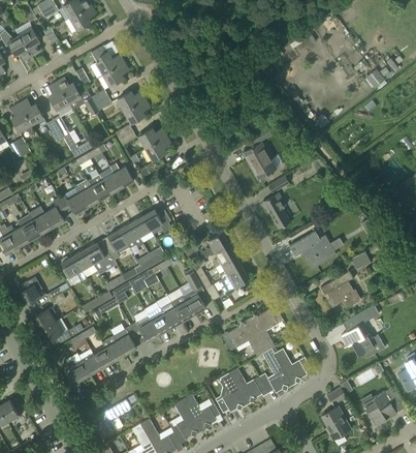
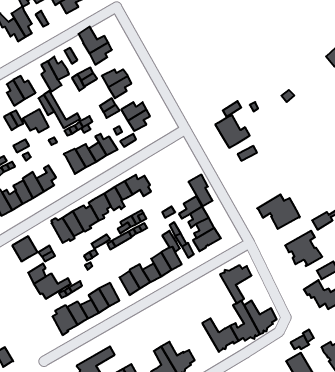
building: [58,187,87,213] -> [23,109,49,132]
building: [263,192,290,228] -> [188,175,213,206]
building: [228,319,266,356] -> none
building: [216,372,247,412] -> none

